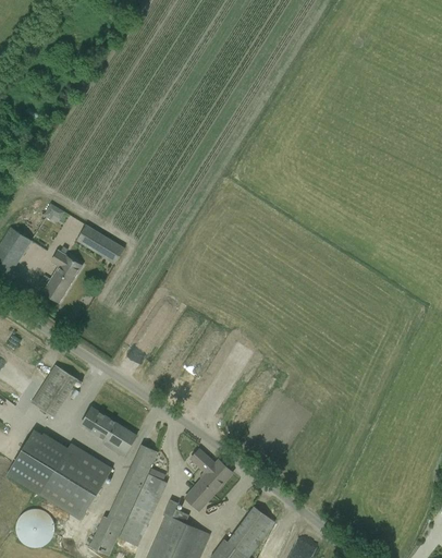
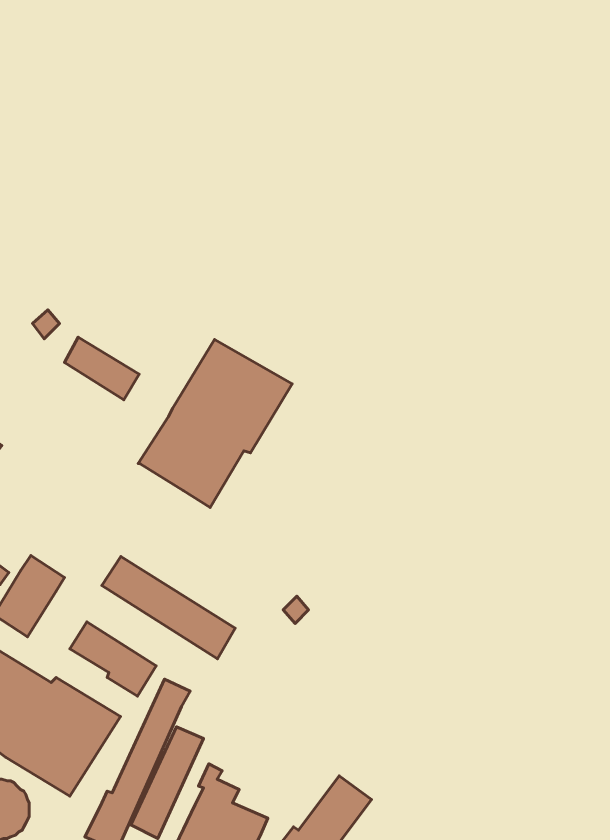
building: none -> [138,340,292,507]
building: [42,248,82,303] -> none
building: none -> [102,557,235,659]
building: [185,449,233,511] -> none

